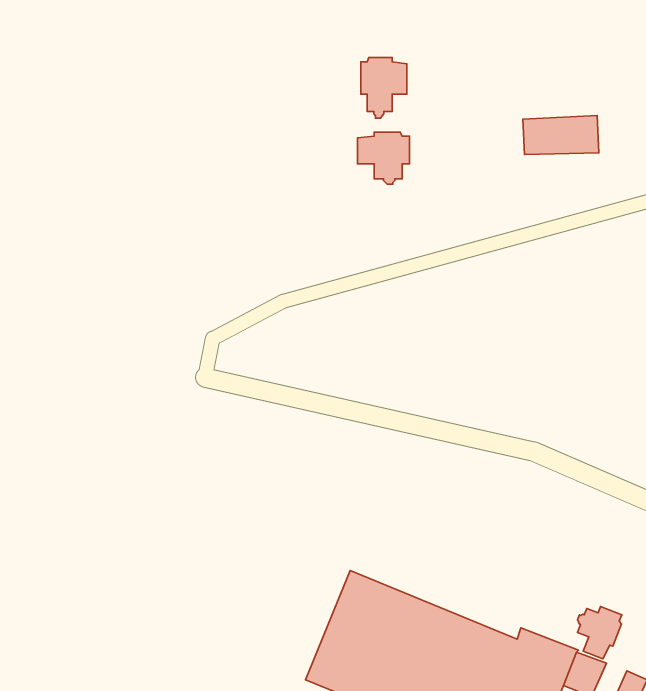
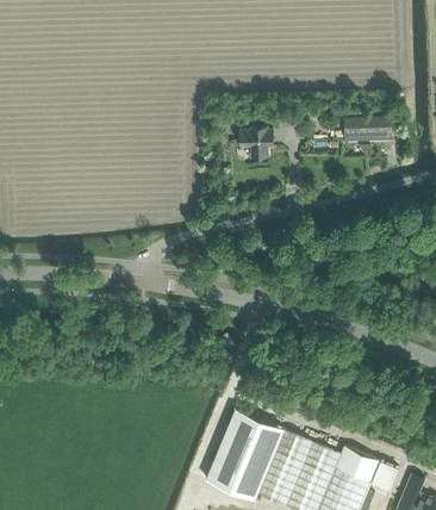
building: [361,57,407,118] -> none
building: [577,606,622,659] -> none

